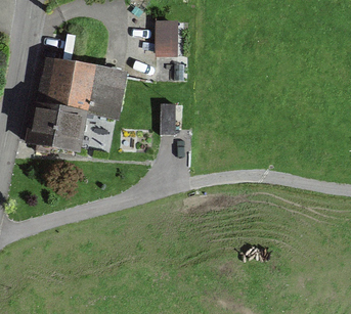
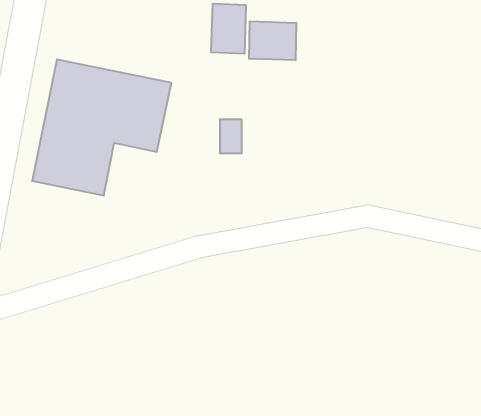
building: none -> [249,21,296,60]

